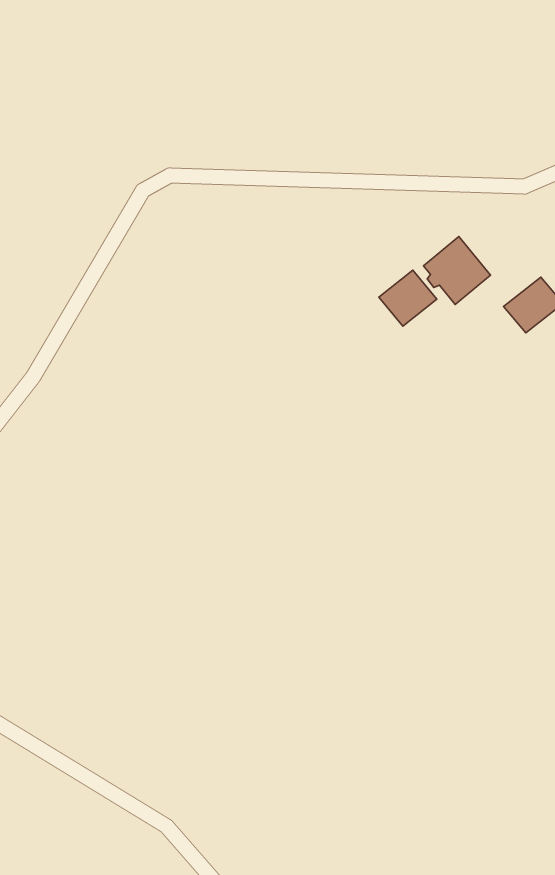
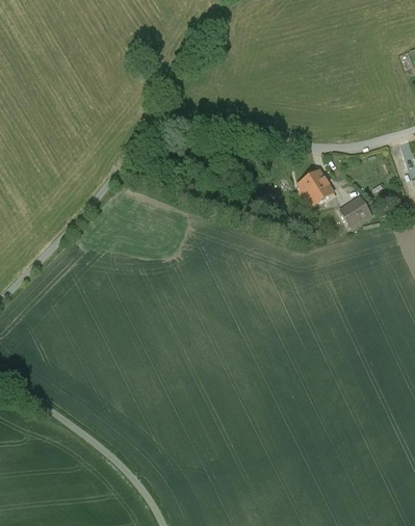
building: [379,270,437,326] -> none

